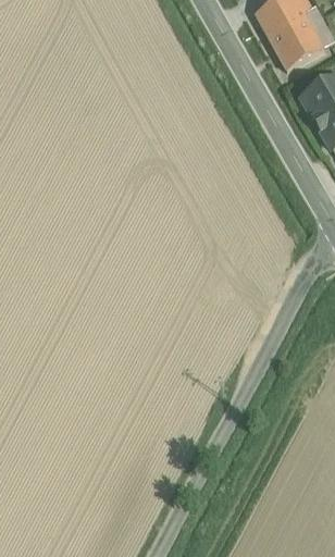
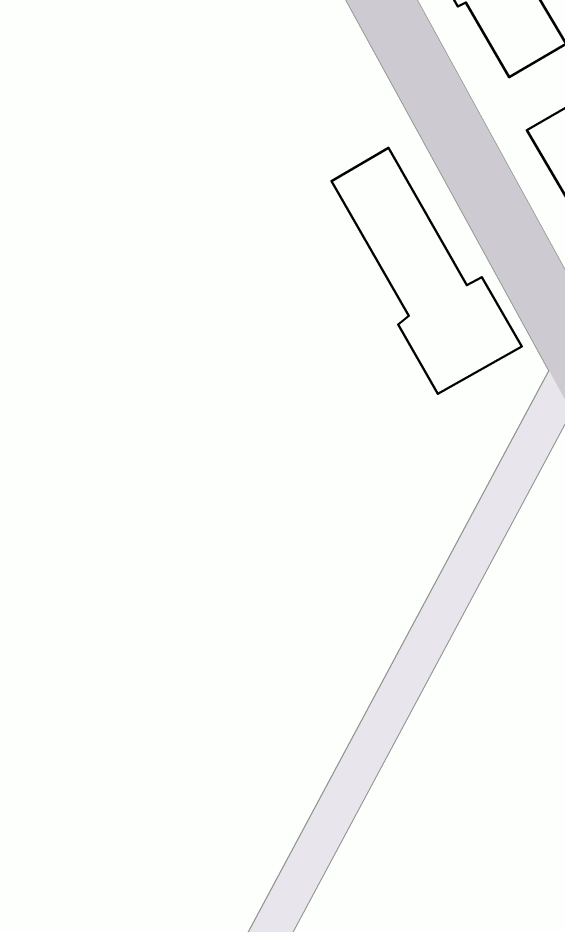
building: none -> [332,148,522,394]

